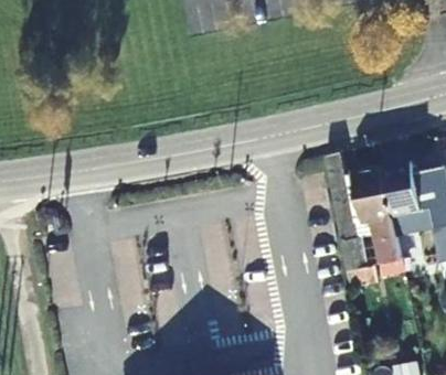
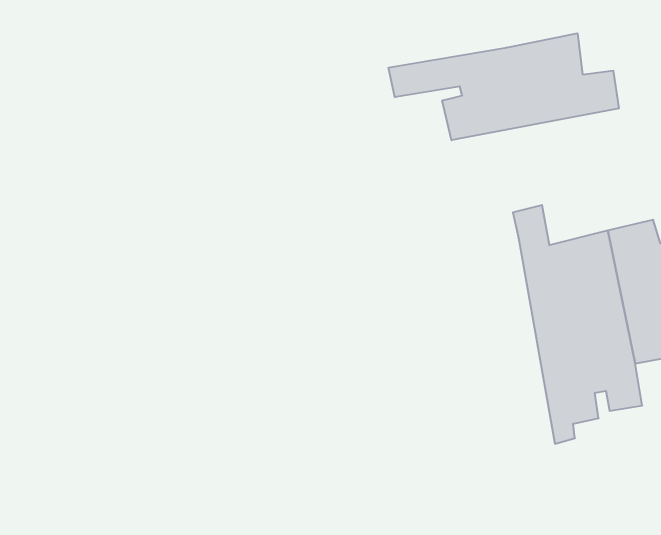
building: none -> [389,33,619,140]

